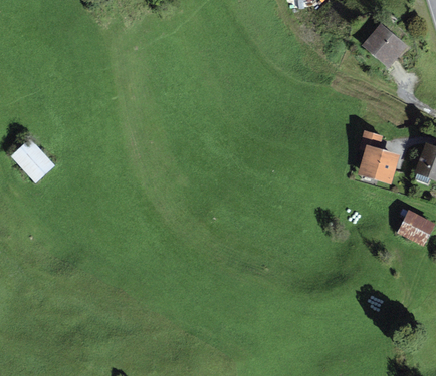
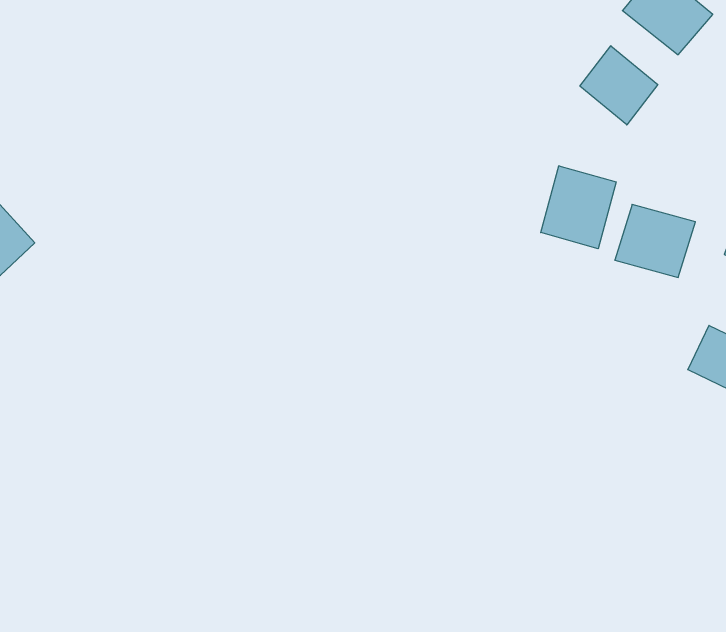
building: none -> [580,46,658,125]
building: none -> [541,166,616,249]

